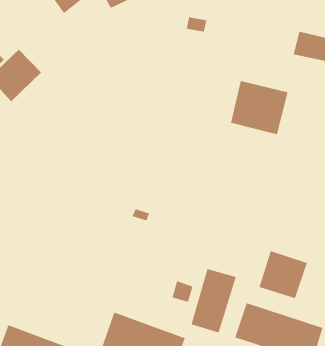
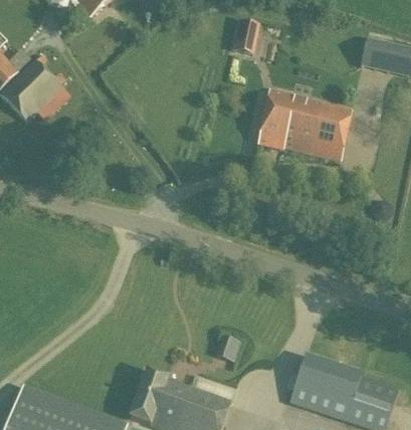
building: none -> [258,89,296,150]
building: [258,250,308,299] -> none
building: [191,268,237,333] -> none

